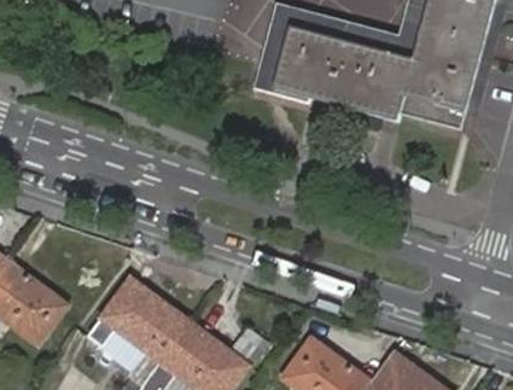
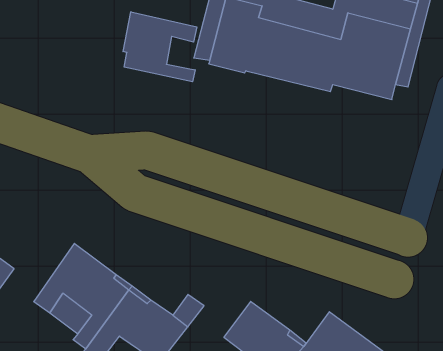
building: none -> [123,12,197,82]

